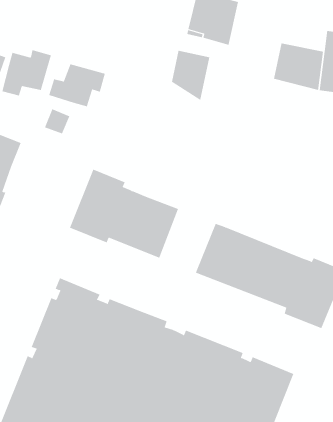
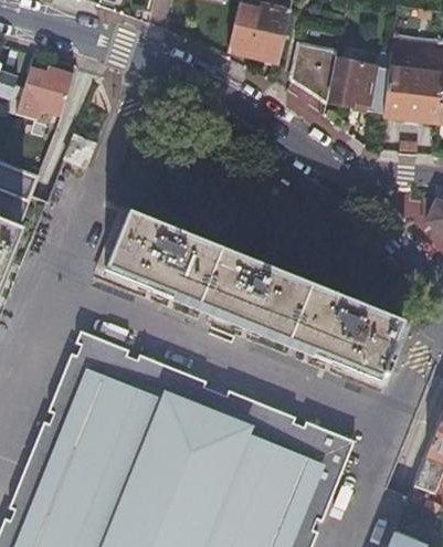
building: [171,50,210,101] -> [292,43,337,102]
building: [48,63,106,107] -> none
building: none -> [198,252,262,326]

